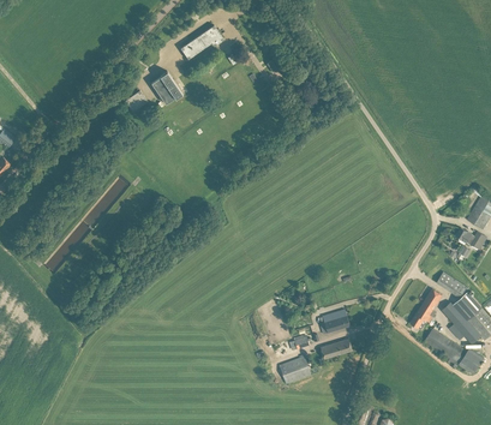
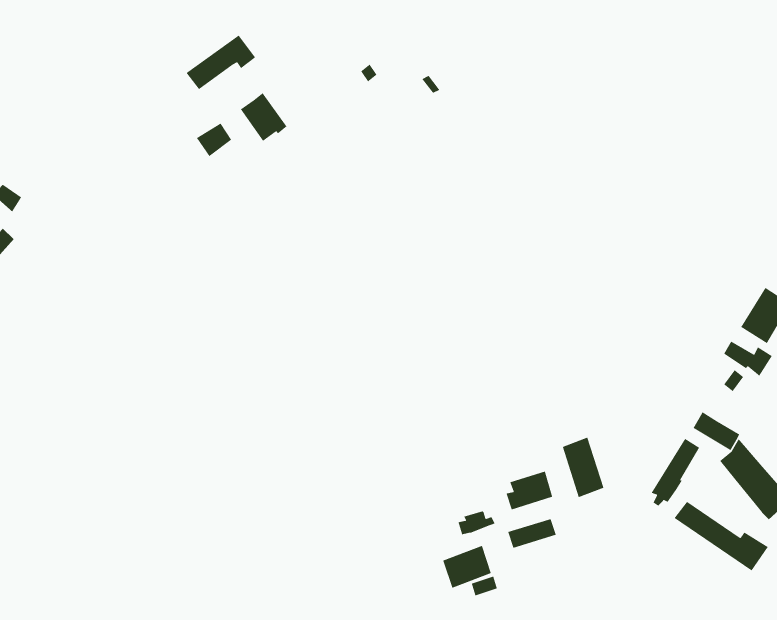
building: [180,24,224,59] -> [185,35,256,90]
building: none -> [562,437,604,498]
building: [442,300,480,343] -> none

